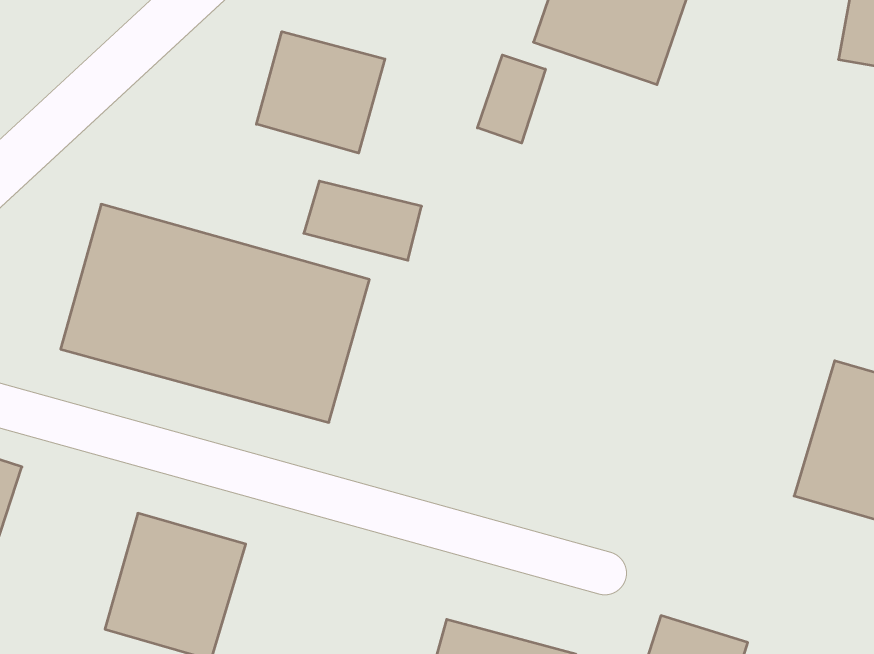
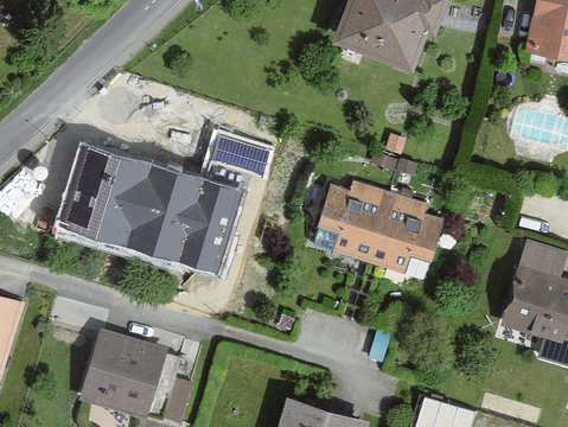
building: [256,32,385,153] -> none
building: [477,55,545,143] -> none
building: none -> [313,184,451,272]

